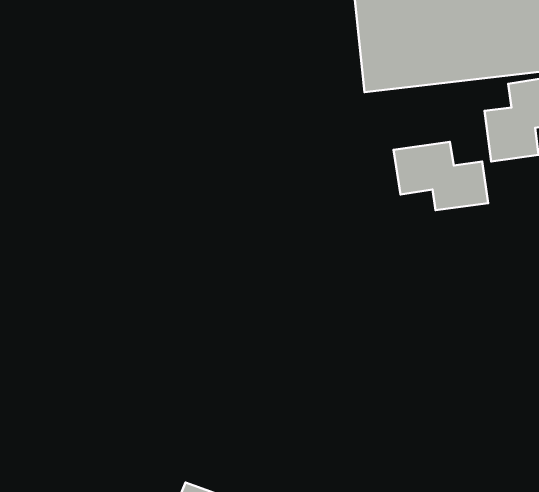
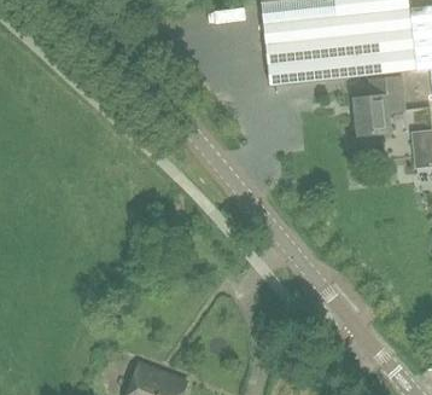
building: [394,142,488,210] -> none

